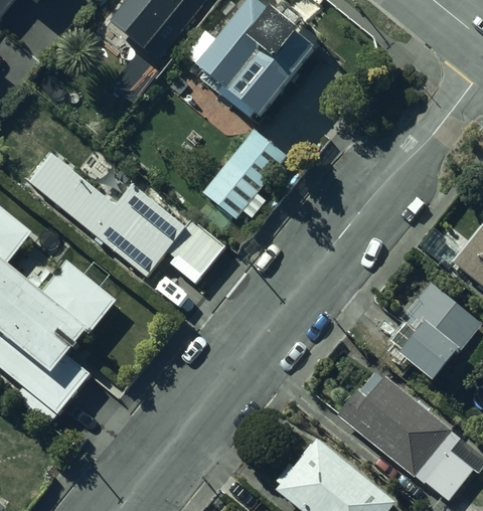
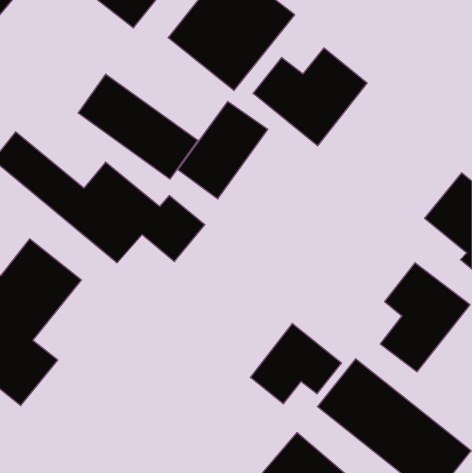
building: none -> [253,48,367,146]
building: none -> [78,74,198,179]
building: none -> [250,323,342,404]

